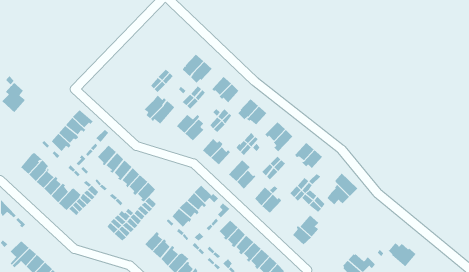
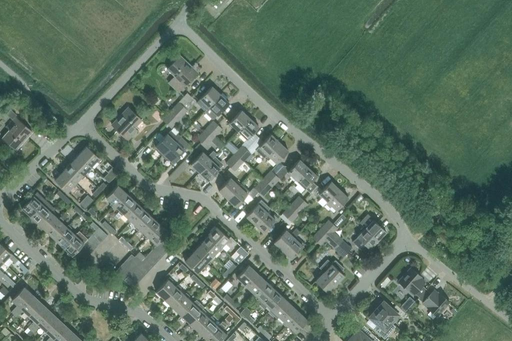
building: none -> [167,55,197,92]
building: none -> [111,107,141,141]
building: none -> [398,267,426,297]

